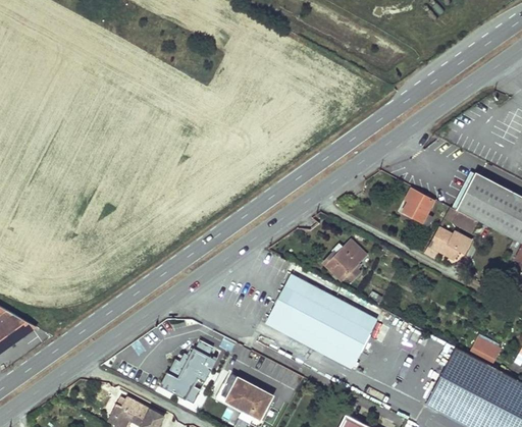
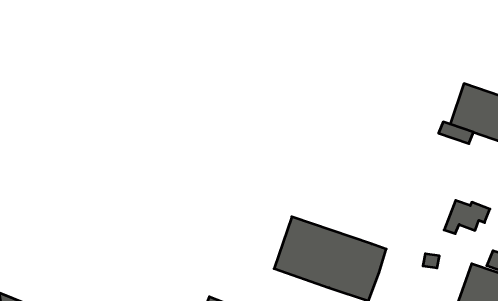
building: [404,189,435,225] -> none
building: [425,227,472,259] -> [444,200,490,234]
building: [324,241,366,280] -> none

